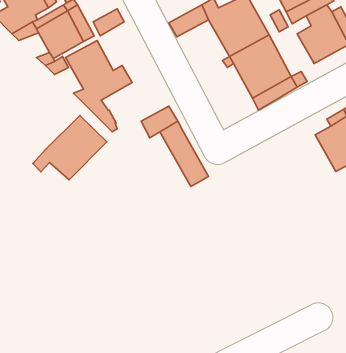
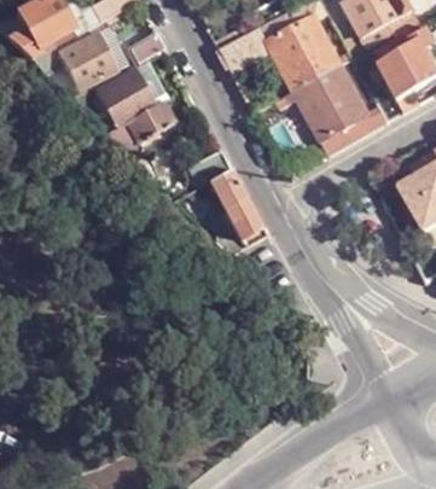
building: [33,116,107,180] -> none

